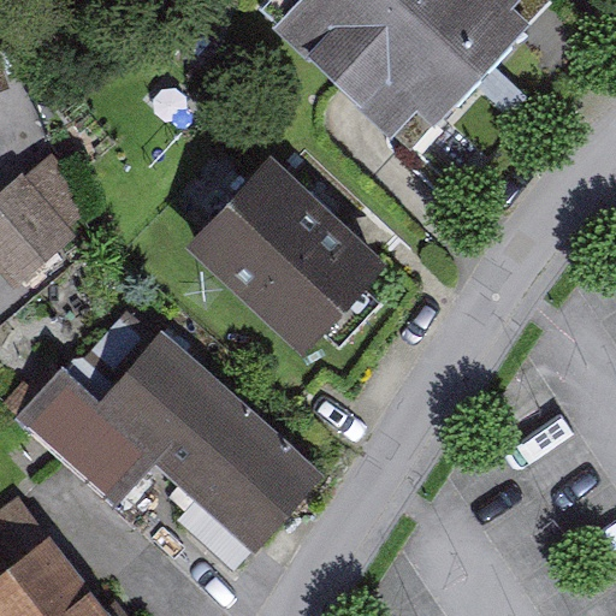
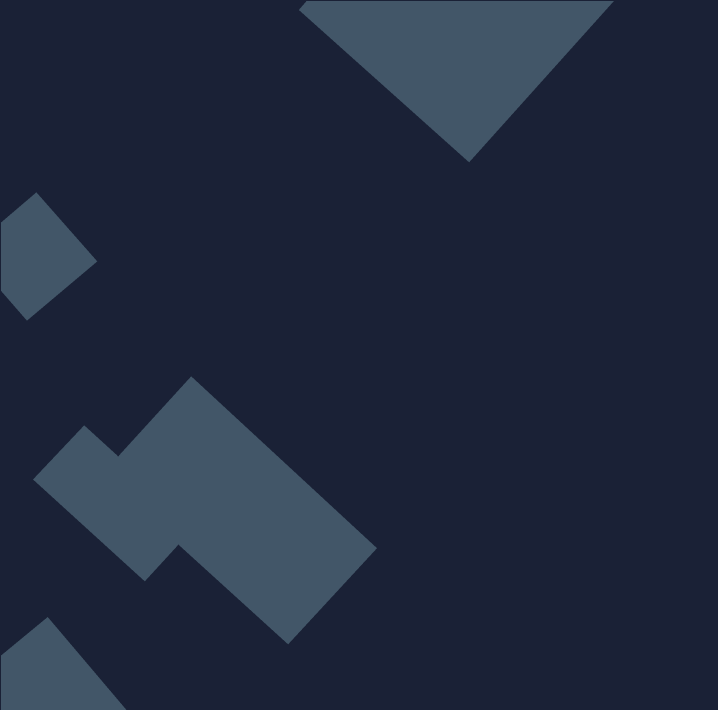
building: [183,152,377,343] -> none

